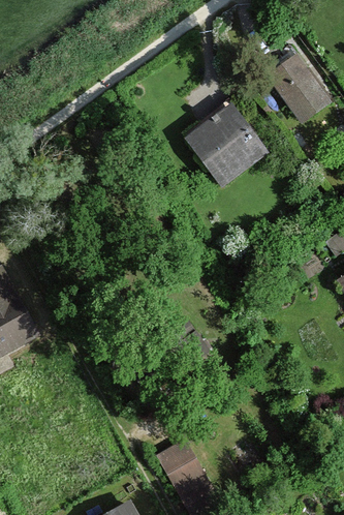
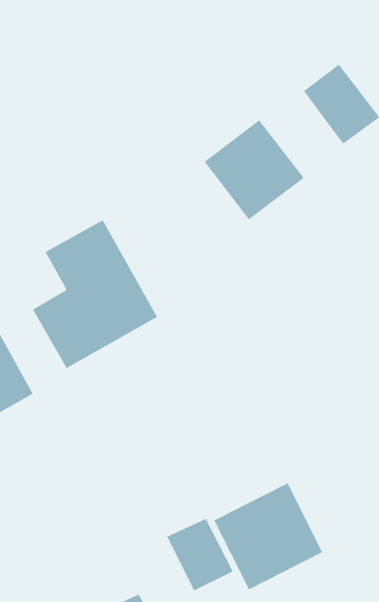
building: none -> [32,220,158,369]
building: none -> [214,482,323,590]

